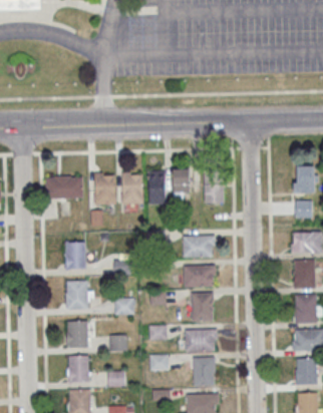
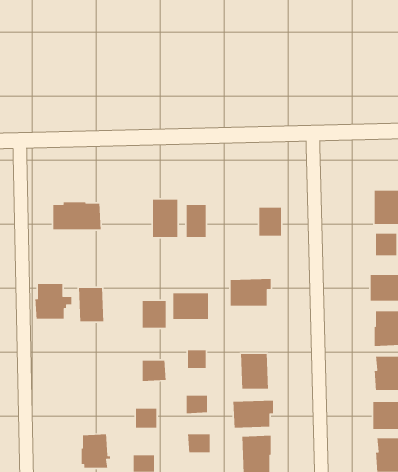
building: [173,168,190,198] -> none
building: [94,172,115,203] -> none
building: [186,266,214,287] -> [172,293,209,320]
building: [64,281,93,309] -> [35,283,72,319]
building: [66,321,90,347] -> none

